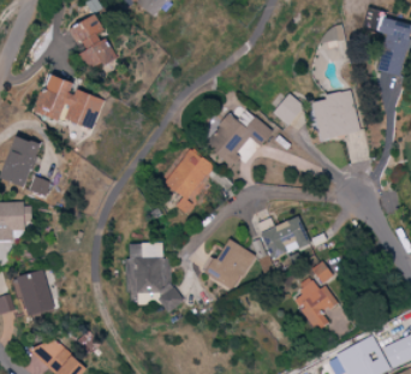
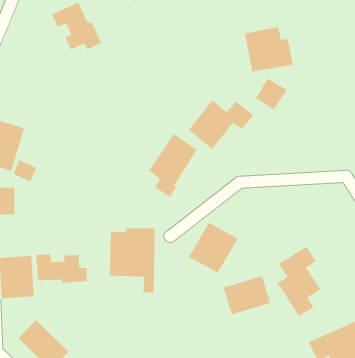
building: [25,75,103,129] -> none
building: [312,93,362,138] -> [244,26,293,72]
building: [261,218,309,257] -> [223,276,271,315]
building: none -> [36,254,87,283]

